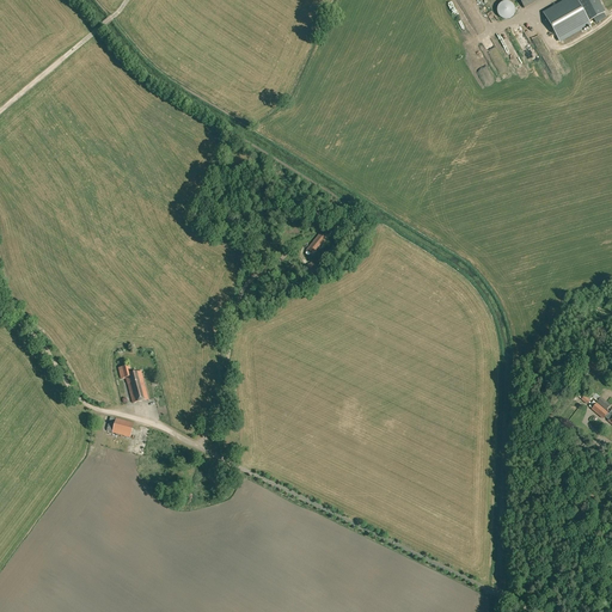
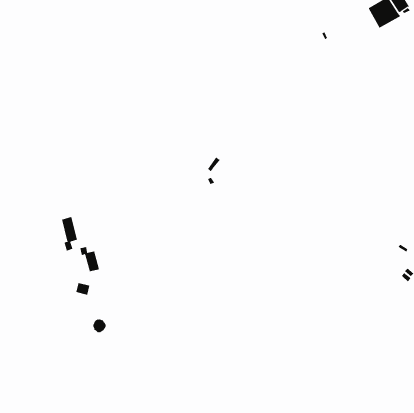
building: none -> [62,216,78,251]

